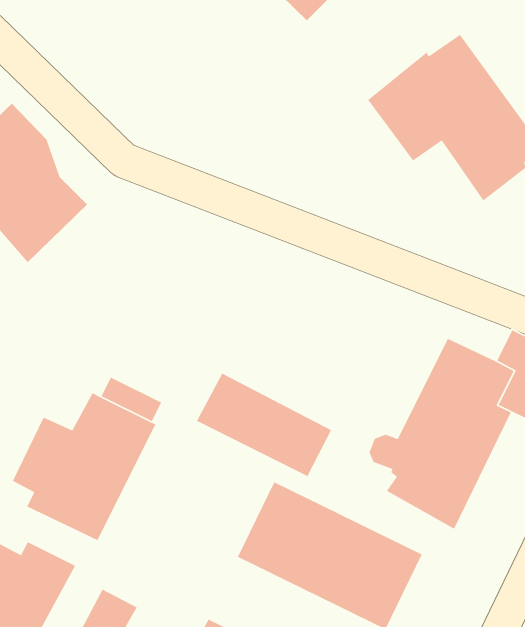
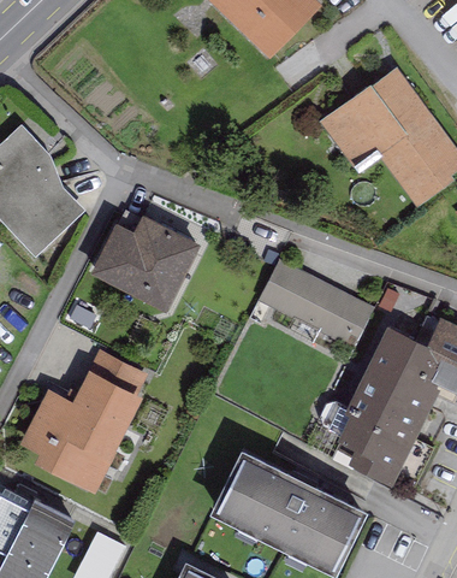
building: none -> [89,211,200,307]
building: [196,372,332,477] -> [257,260,372,348]

